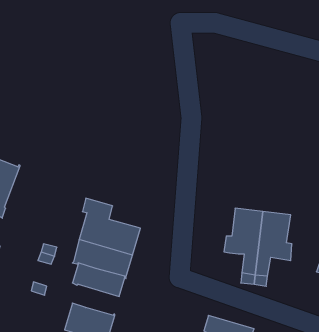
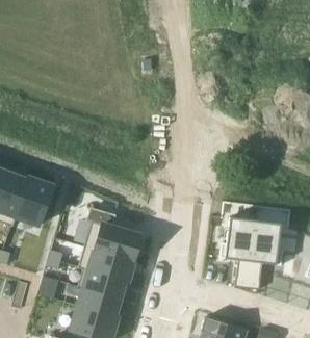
building: none -> [16,177,54,225]
building: none -> [79,287,123,316]

